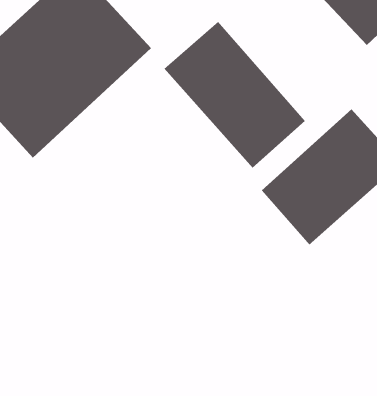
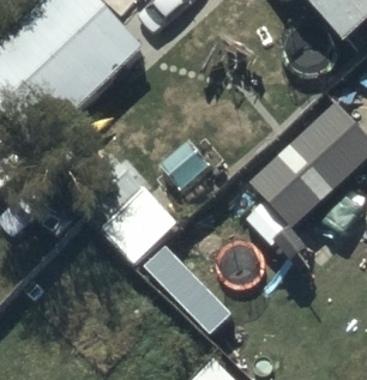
building: [164,21,306,168] -> none

